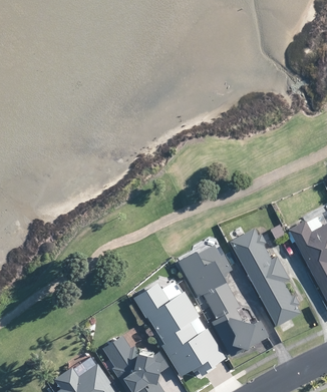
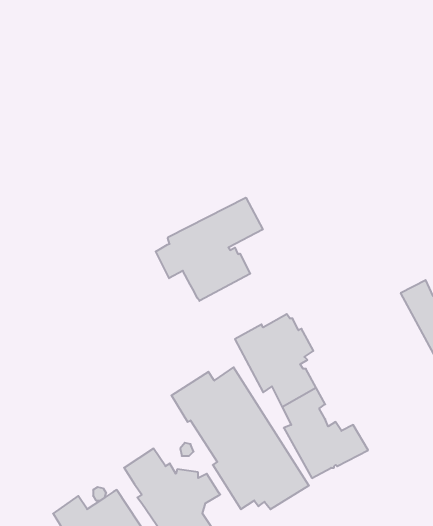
building: none -> [156,198,263,301]
building: [231,229,302,327] -> none

